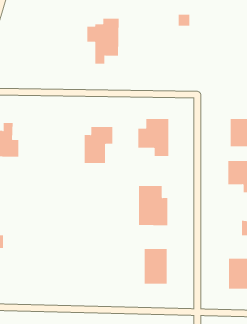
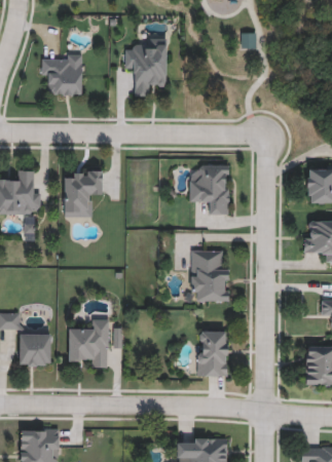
building: none -> [41,54,82,95]
building: [84,126,113,164] -> [64,170,101,218]
building: none -> [68,319,108,367]
building: none -> [20,335,50,365]

